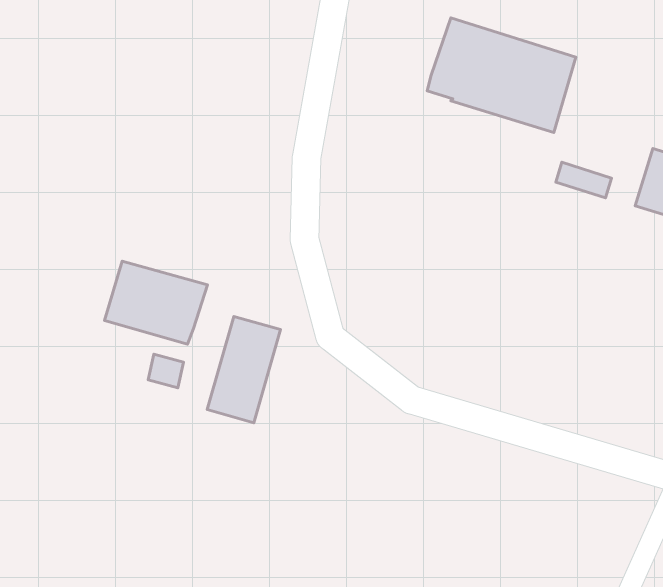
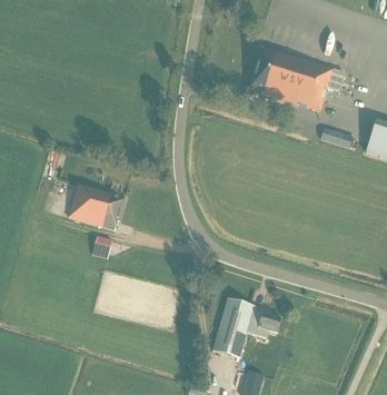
building: [207,316,281,423] -> none
building: none -> [212,299,279,359]

